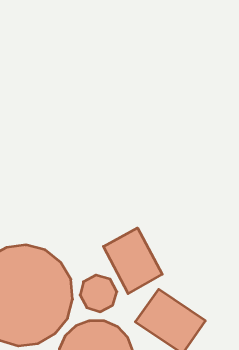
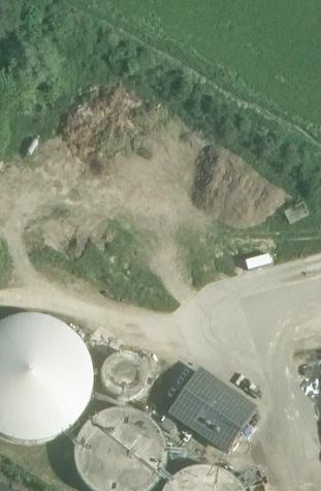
building: [103,228,162,294] -> none

